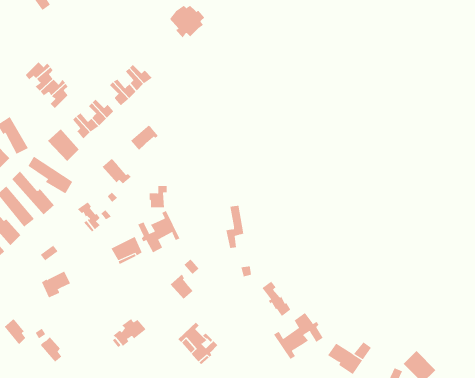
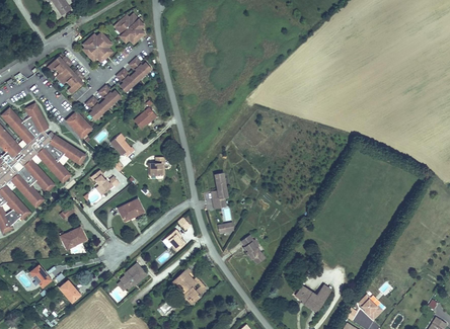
building: [169,5,205,38] -> [115,15,144,43]
building: none -> [83,33,112,61]
building: [138,210,180,253] -> none
building: [273,312,324,360] -> none

